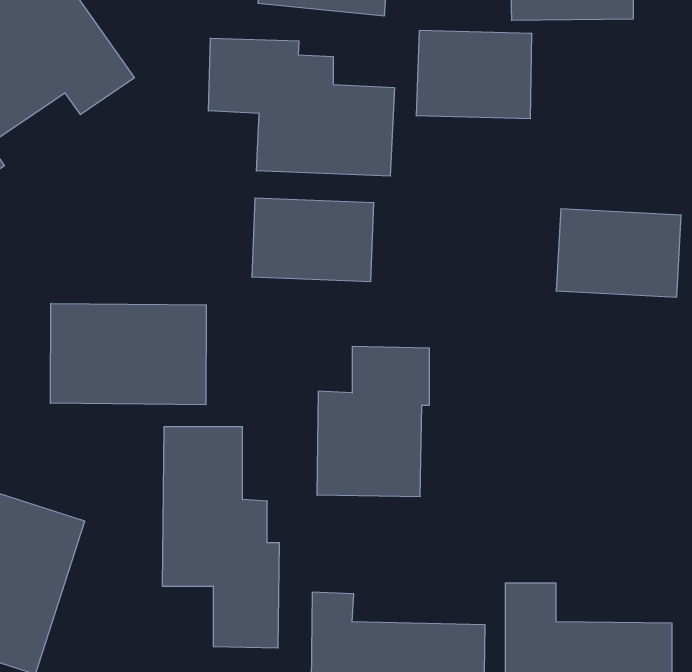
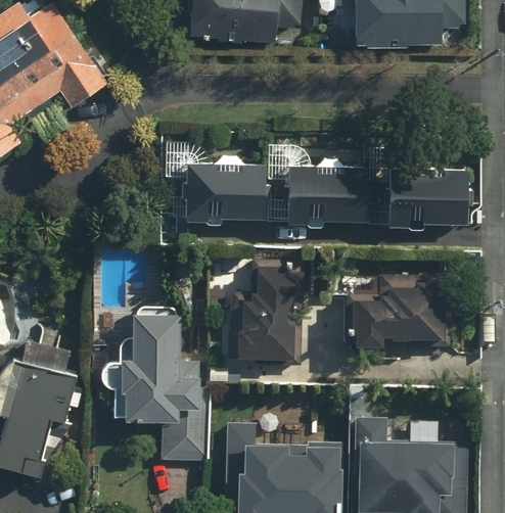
building: [416,31,532,119] -> [288,167,365,225]
building: [208,38,394,176] -> none
building: [50,303,206,405] -> none
building: none -> [352,280,451,345]

